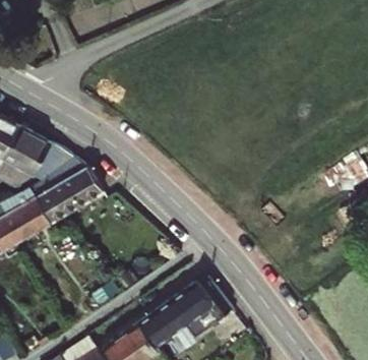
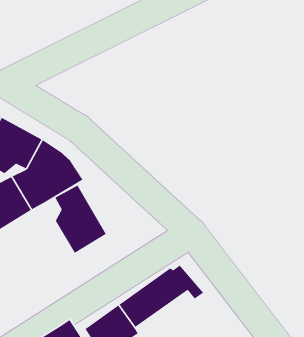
building: none -> [54,185,107,254]

